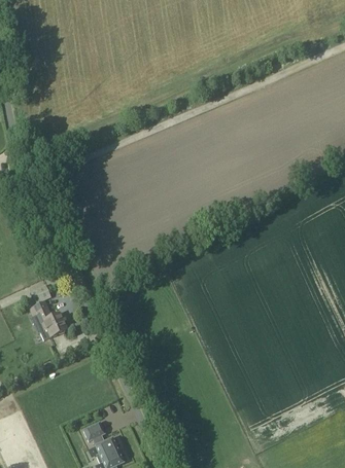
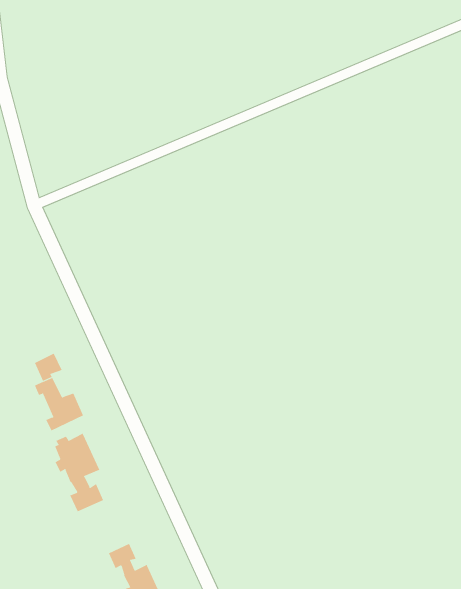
building: none -> [54,432,104,512]

